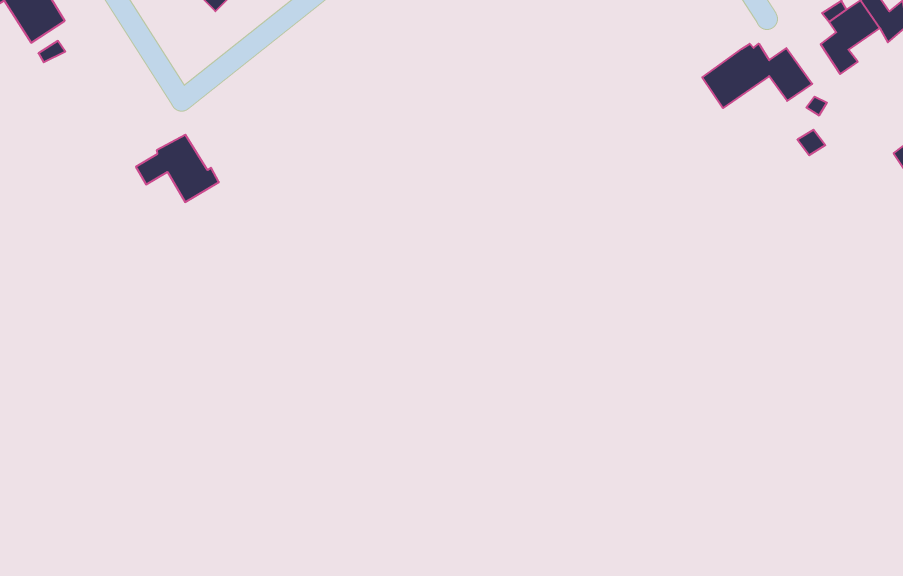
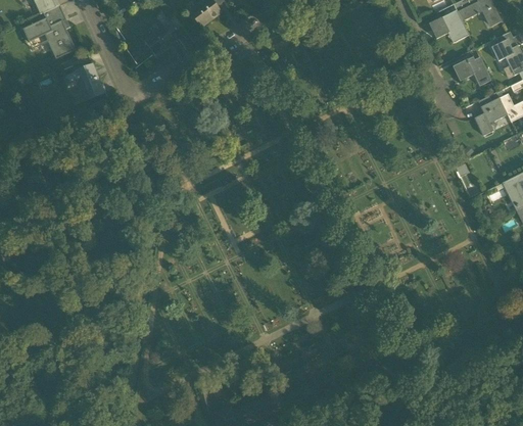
building: [702,44,812,108] -> none
building: [136,135,219,202] -> [63,64,106,100]

